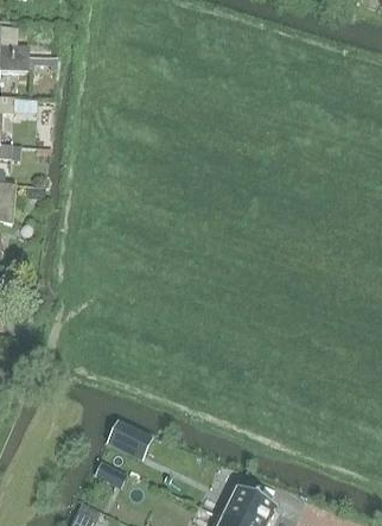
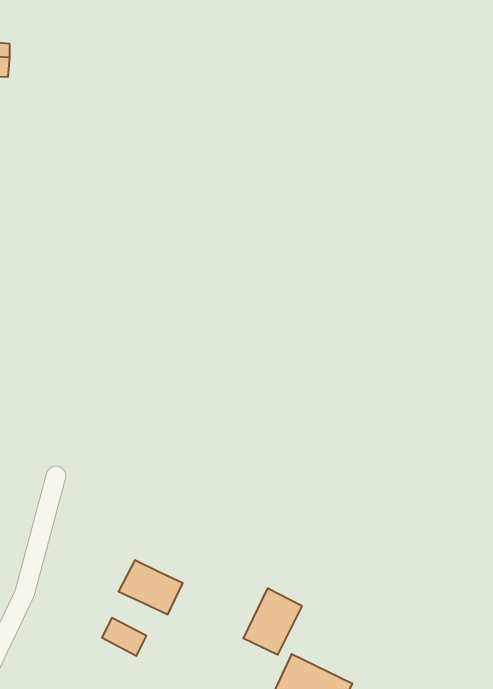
building: none -> [243,588,302,655]

